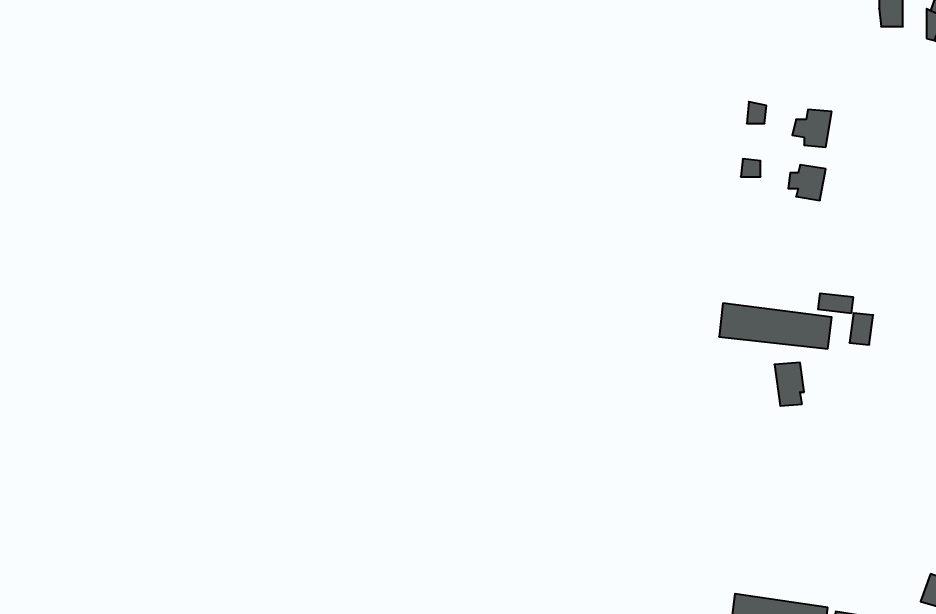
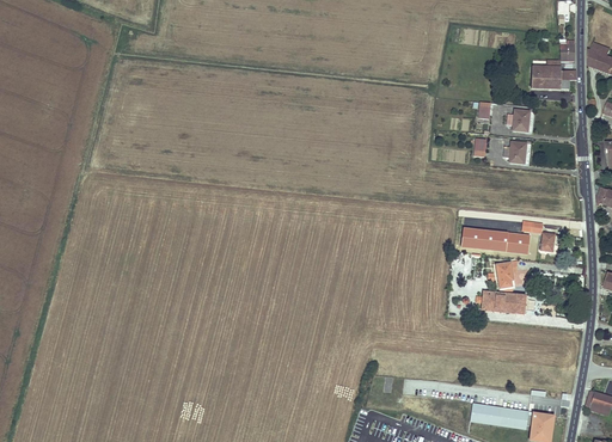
building: none -> [530,65,576,87]
building: none -> [479,289,525,313]

